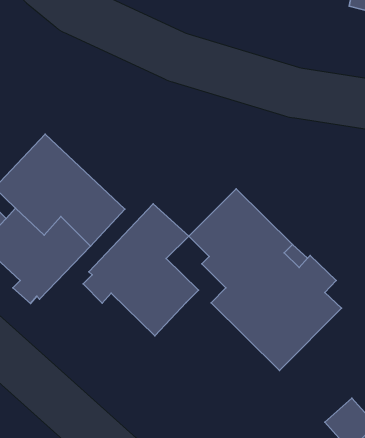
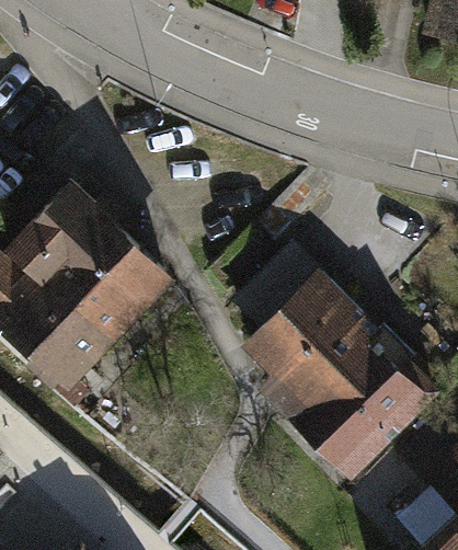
building: [83,204,199,336] -> none

